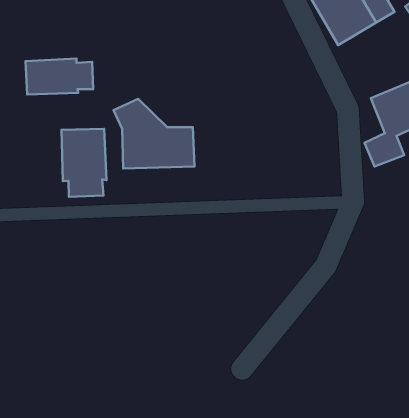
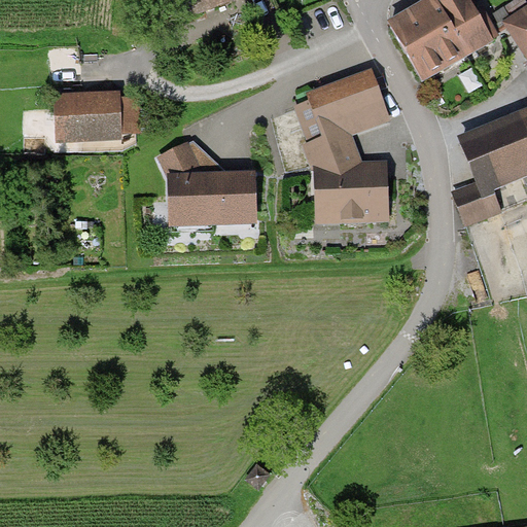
building: none -> [300,75,386,218]
building: [62,129,107,197] -> none

